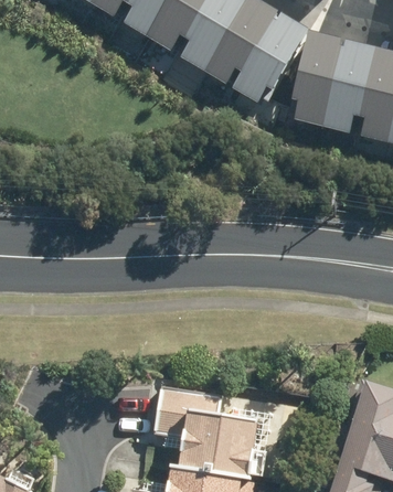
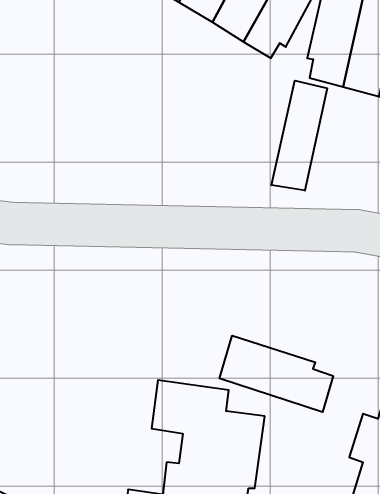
building: none -> [272,81,327,191]
building: none -> [219,336,333,412]

